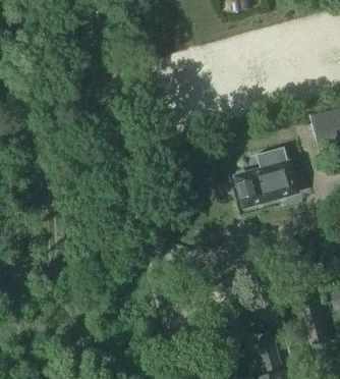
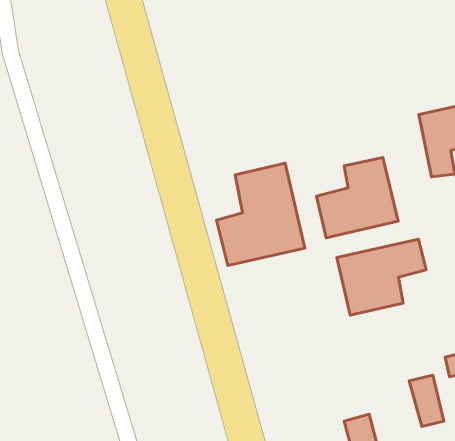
building: none -> [216,163,305,265]
building: none -> [337,239,426,315]

